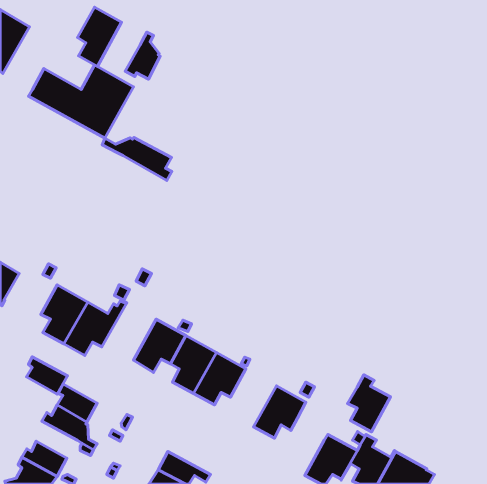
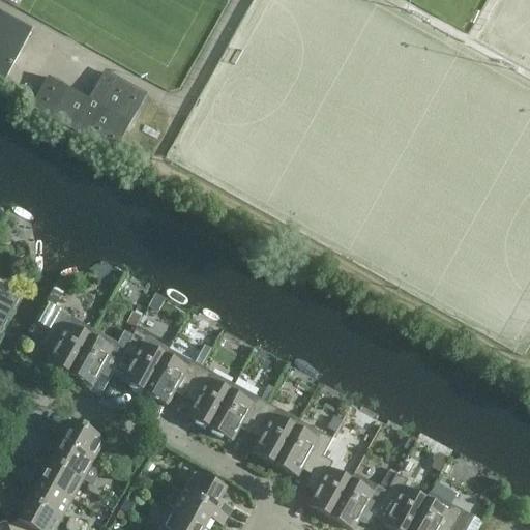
building: [77,7,122,67] -> none
building: [125,32,160,79] -> none
building: [102,137,172,180] -> none
building: none -> [120,329,170,391]
building: [27,357,68,394] -> [39,458,84,498]
building: none -> [251,401,300,464]
building: [348,375,390,432] -> [305,454,352,517]
building: none -> [182,470,233,516]

